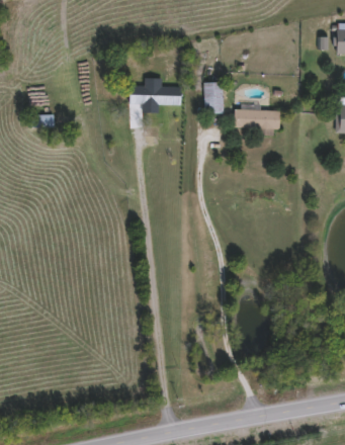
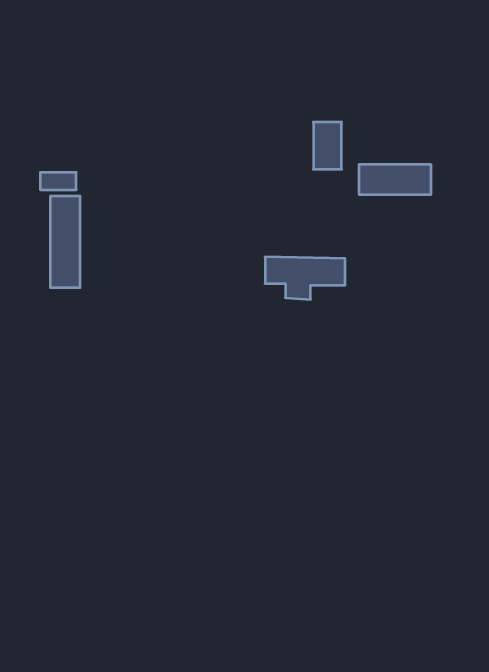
building: [130,85,181,112] -> [265,257,345,299]
building: none -> [50,196,80,288]

